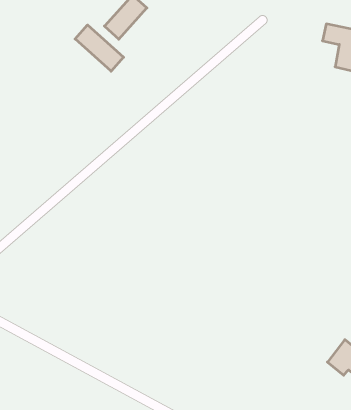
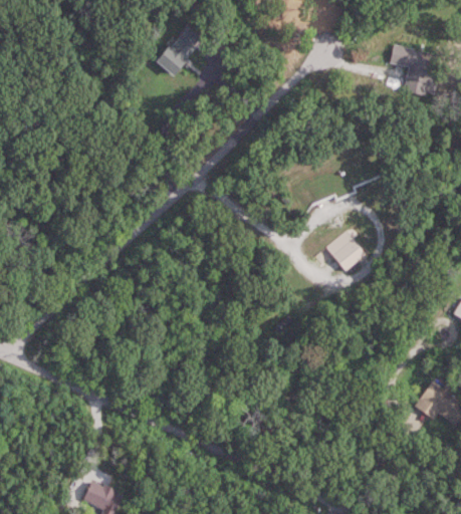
building: [75,25,124,71] -> none
building: none -> [326,231,367,271]

